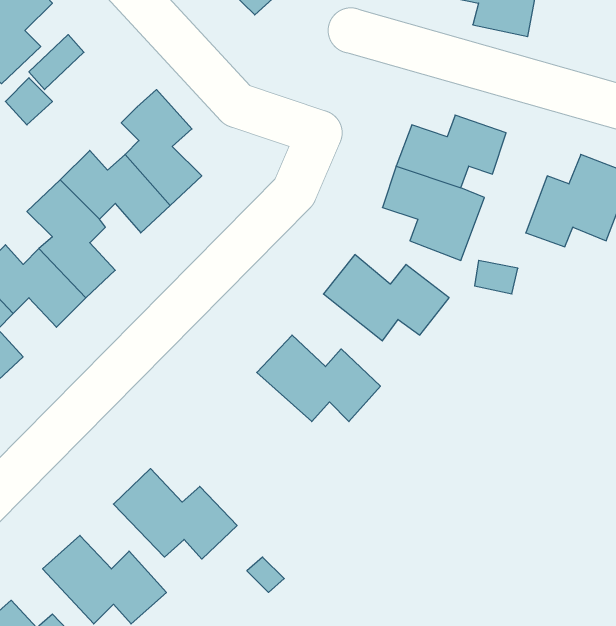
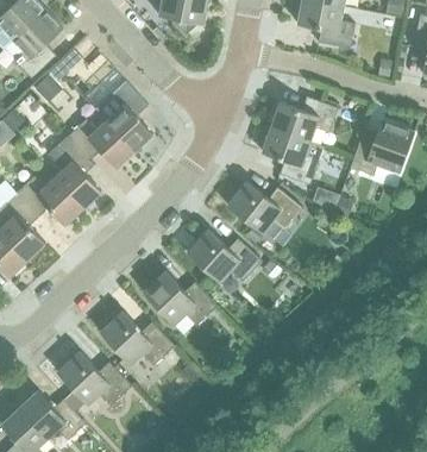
building: none -> [142,271,216,325]

